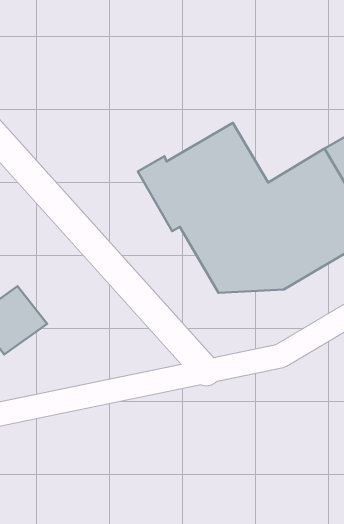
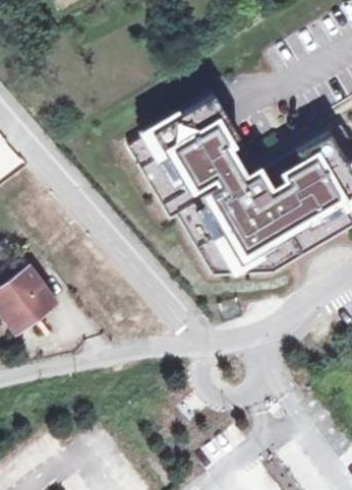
building: none -> [126,94,225,162]

